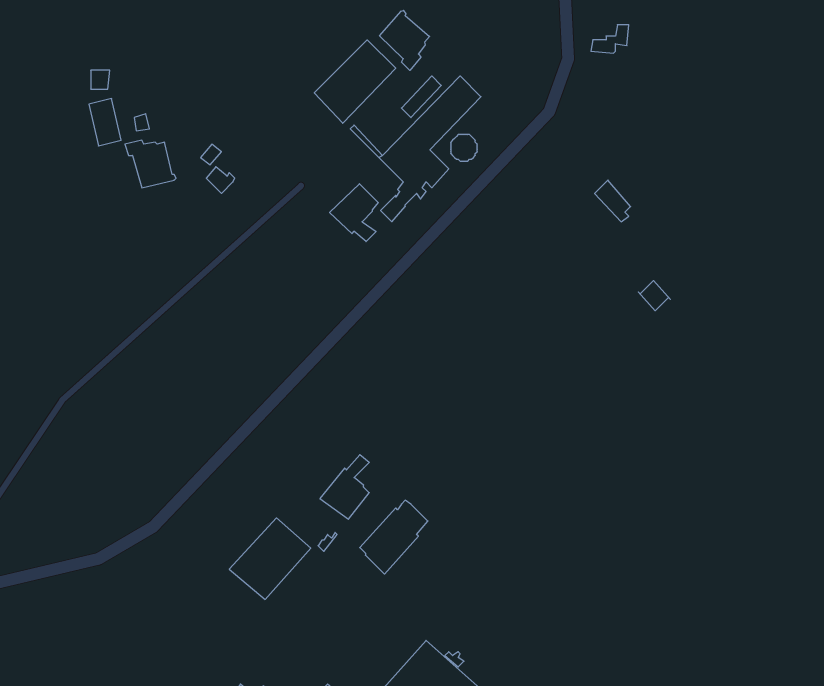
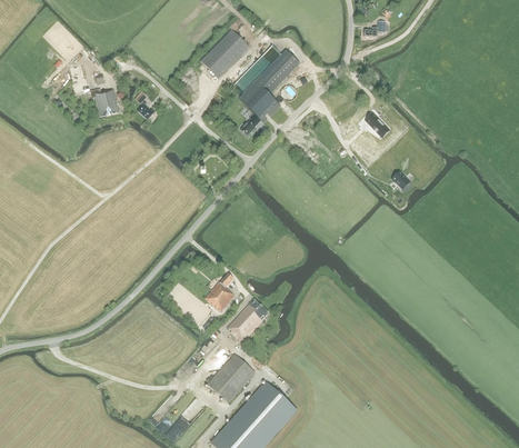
building: [380,10,430,70] -> none
building: [330,184,378,242] -> none
building: [229,518,311,599] -> [207,354,254,401]

